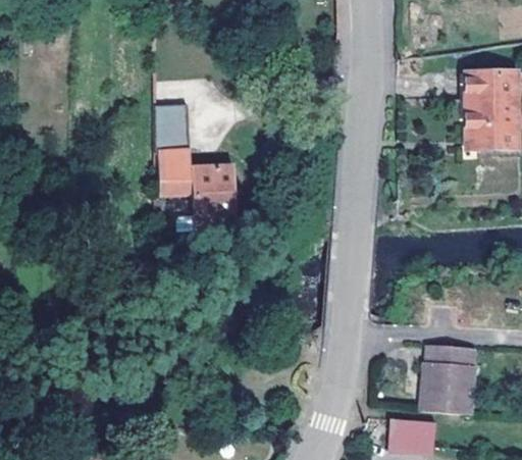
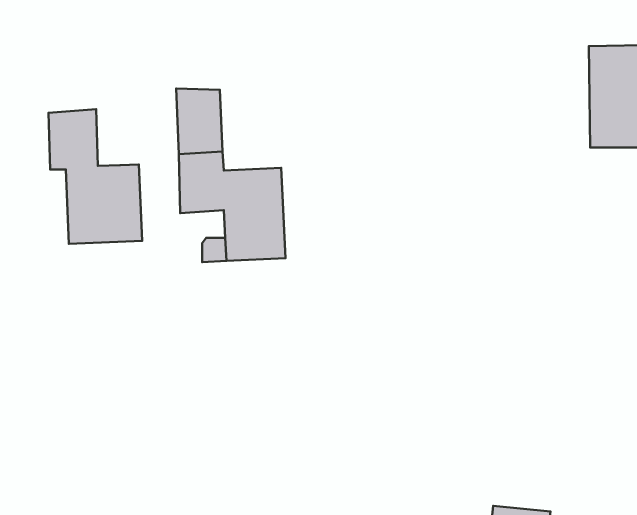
building: none -> [49,109,142,244]
building: [422,343,475,413] -> none

